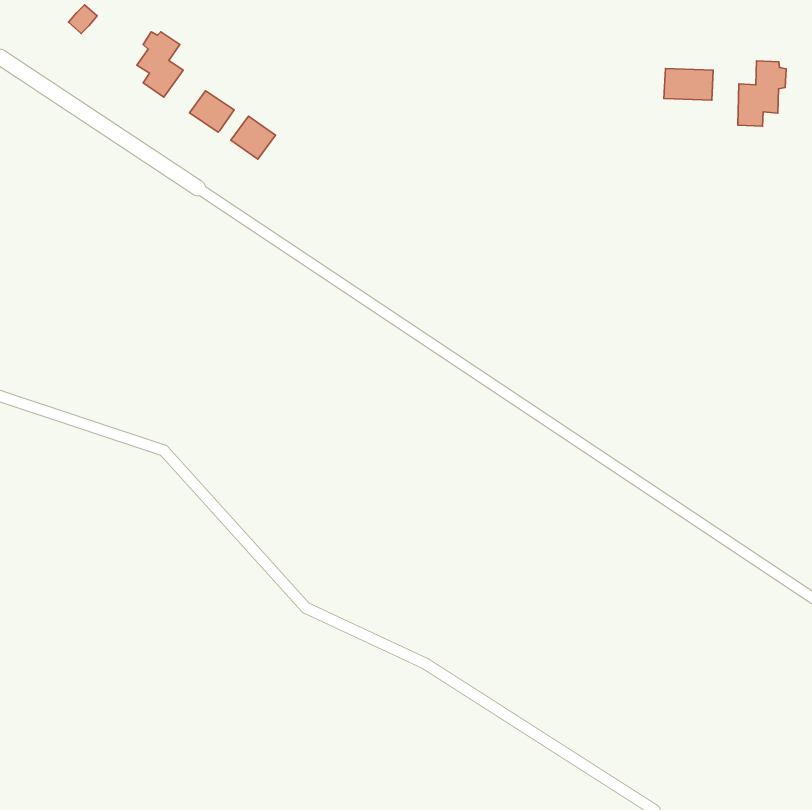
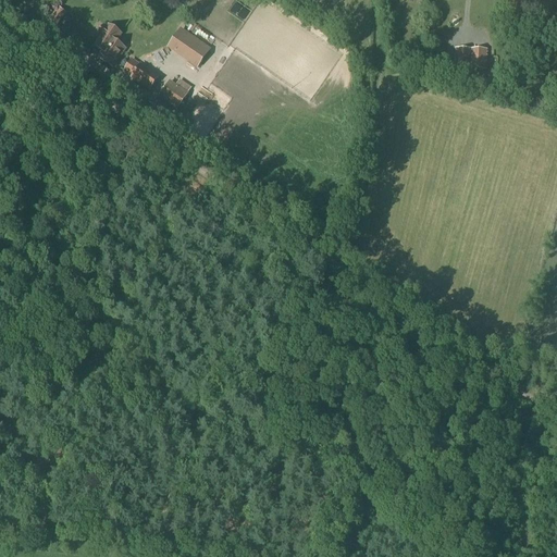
building: none -> [169,26,211,65]
building: [738,61,786,126] -> none

